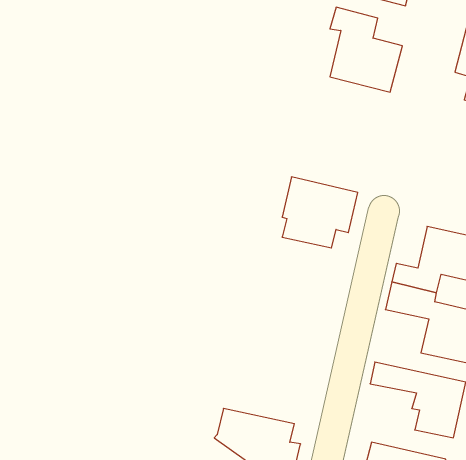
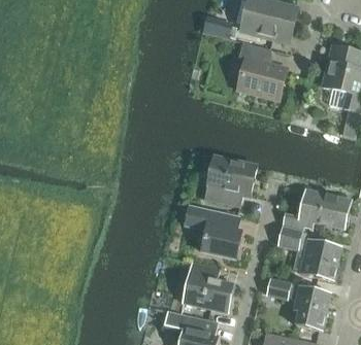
building: none -> [185,204,242,257]
building: none -> [182,261,234,311]

